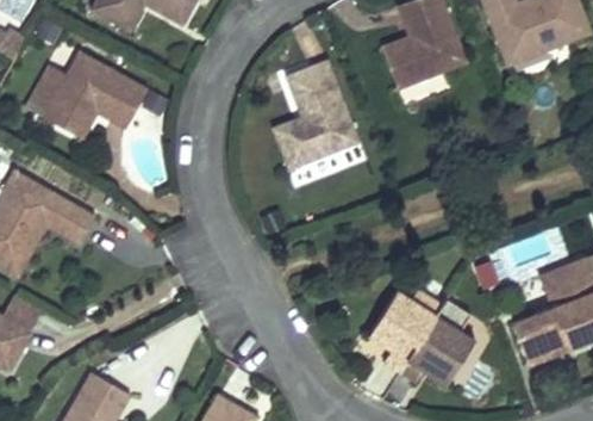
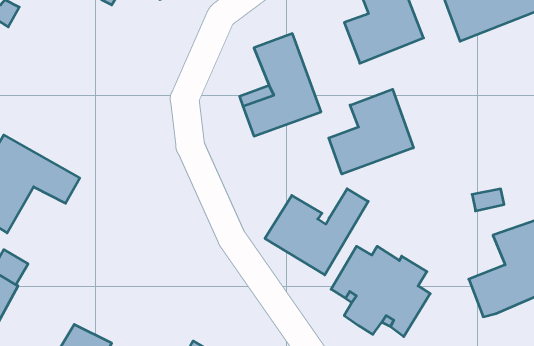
building: [43,50,148,137] -> none
building: none -> [329,89,413,174]
building: none -> [265,189,368,275]

